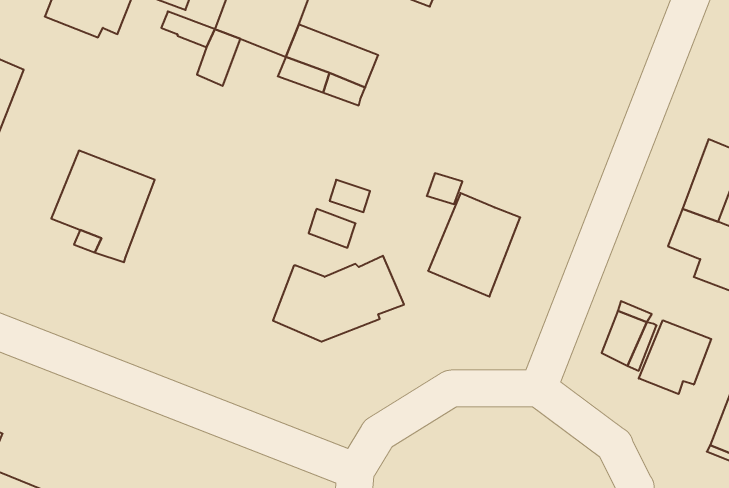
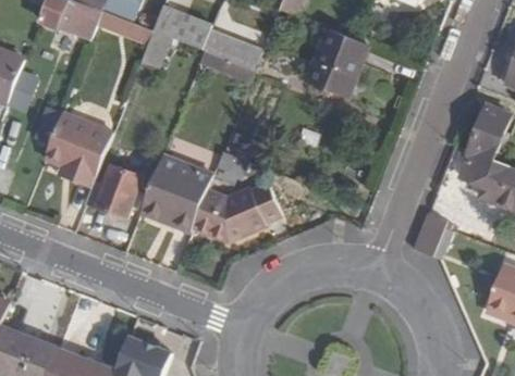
building: [428,193,520,297] -> [306,28,368,98]
building: none -> [142,155,212,230]
building: none -> [85,165,140,216]
building: [639,320,711,394] -> none

